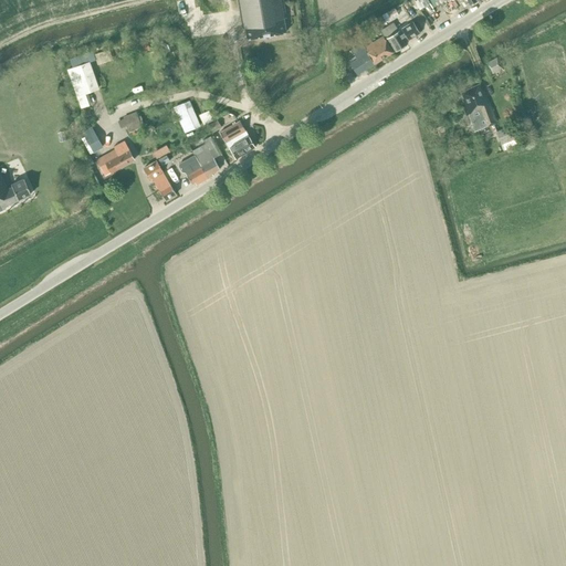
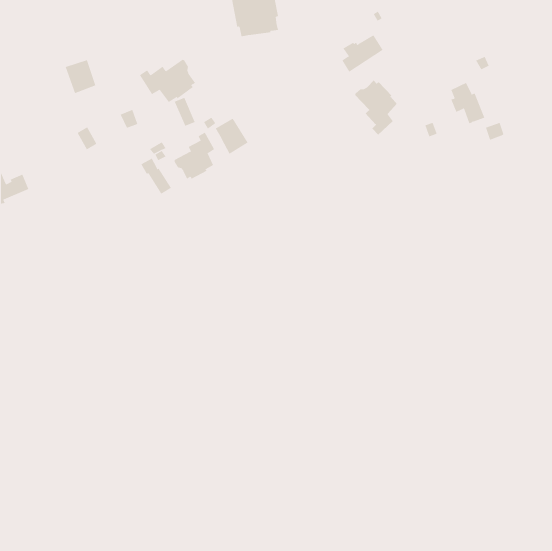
building: [380,21,420,50] -> none
building: none -> [139,59,196,103]
building: none -> [354,80,398,136]
building: [96,142,134,175] -> none

